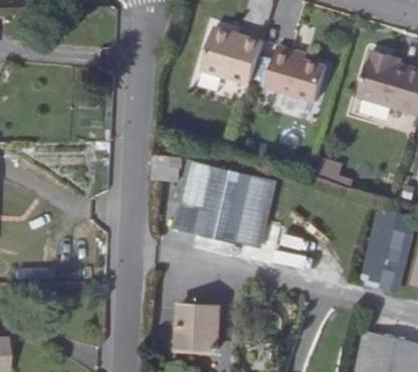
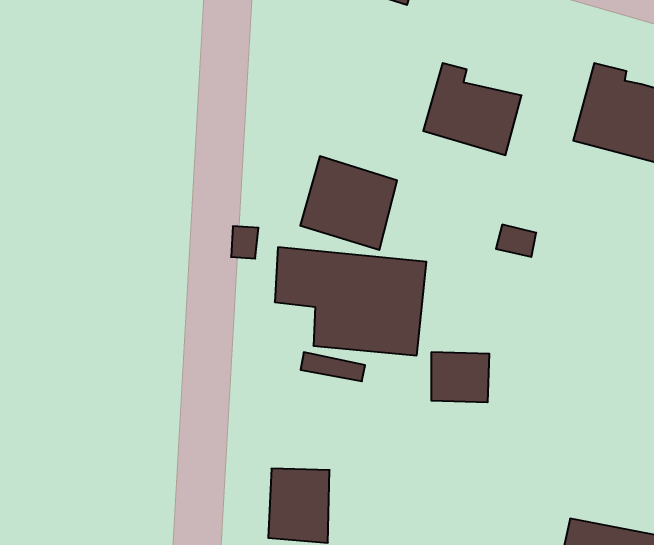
building: [209,34,269,92] -> [300,156,397,250]
building: [374,208,409,289] -> none

